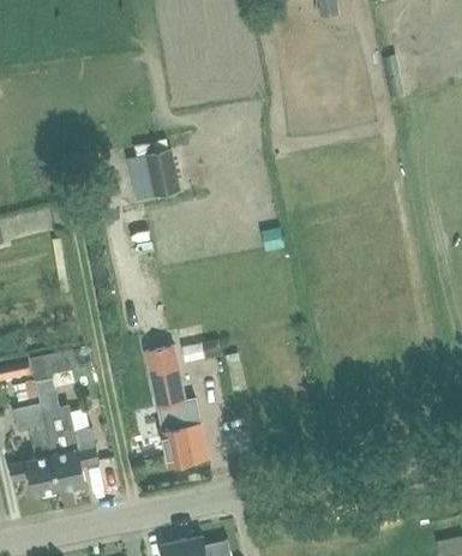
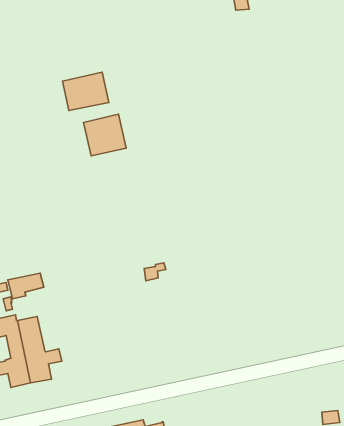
building: none -> [63,72,109,111]
building: [143,347,208,466] -> none

